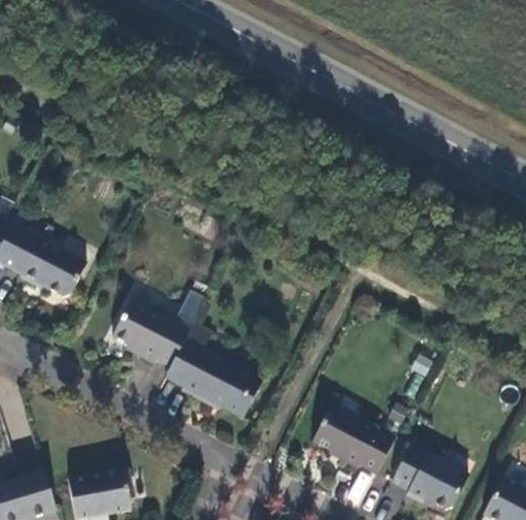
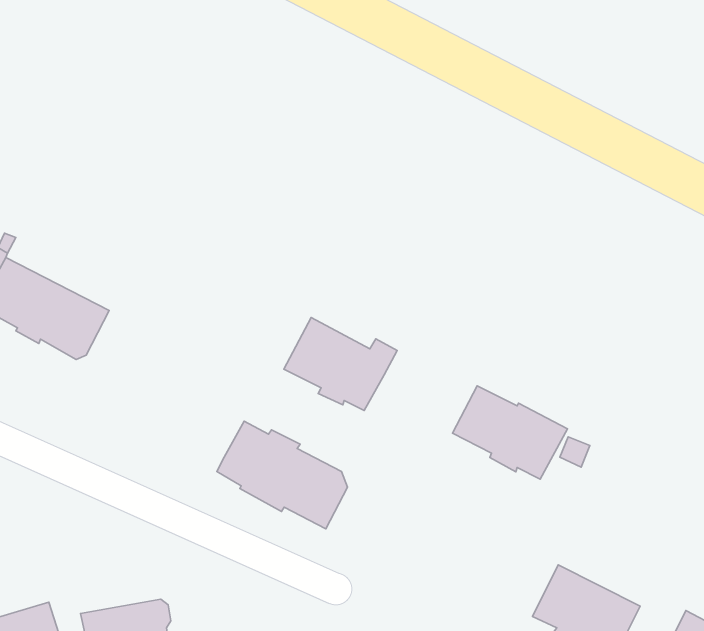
building: [111,300,193,367] -> [284,317,397,411]
building: [313,407,395,474] -> [453,386,567,479]

